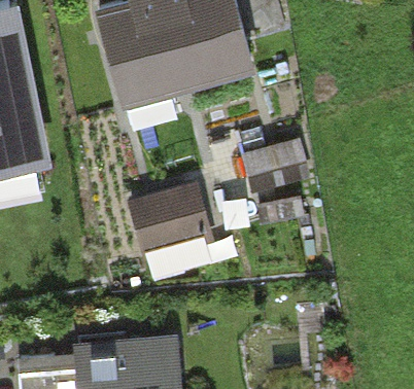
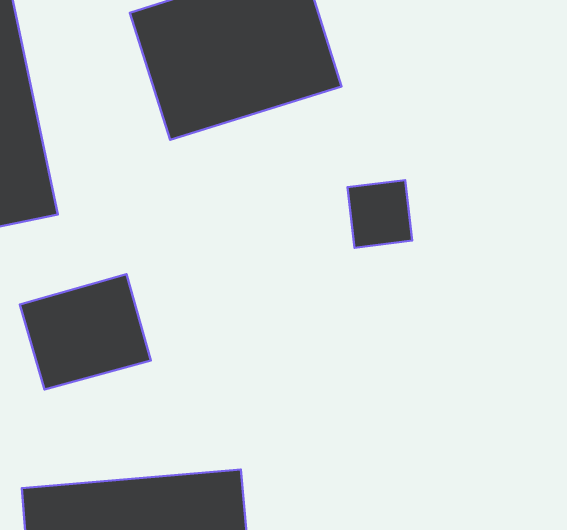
building: [126,182,219,264] -> [20,274,151,389]

